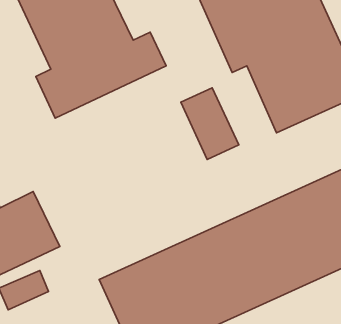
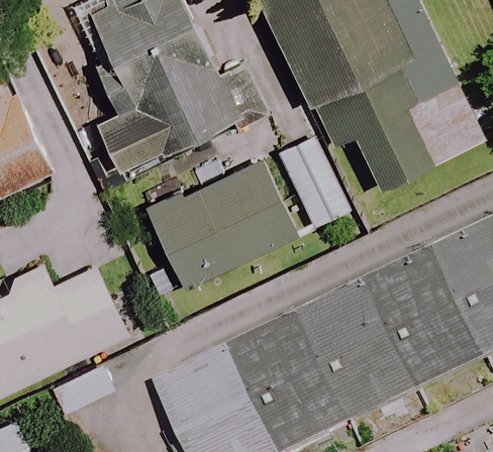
building: none -> [145,160,291,289]

